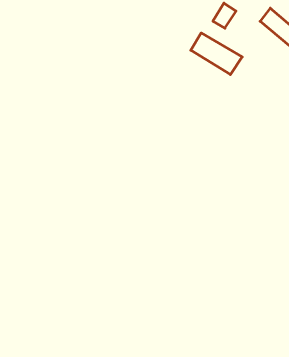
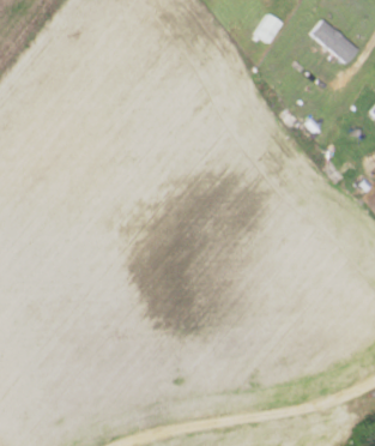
building: [191,33,242,75] -> none

